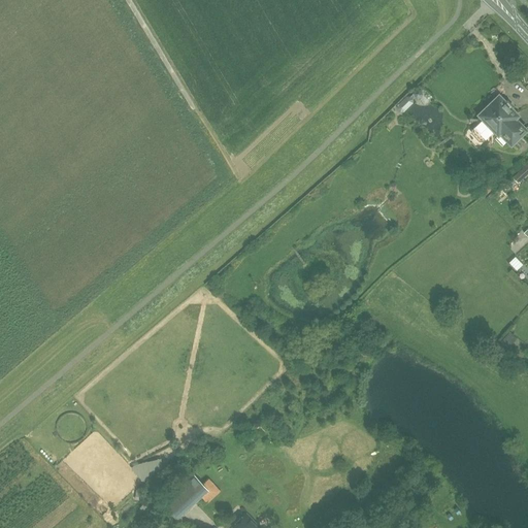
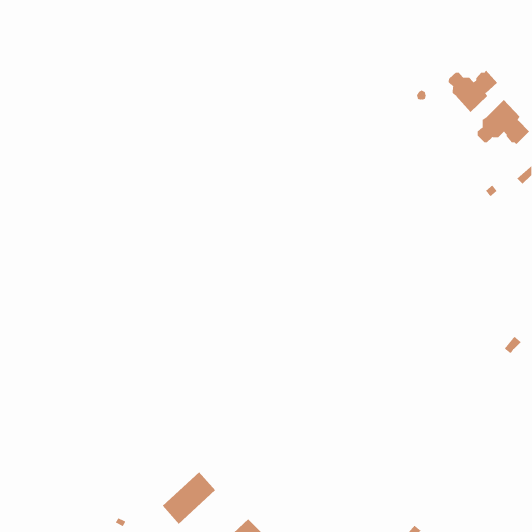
building: none -> [448,70,498,113]

